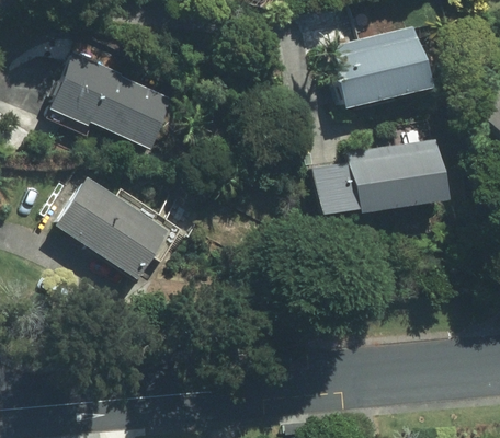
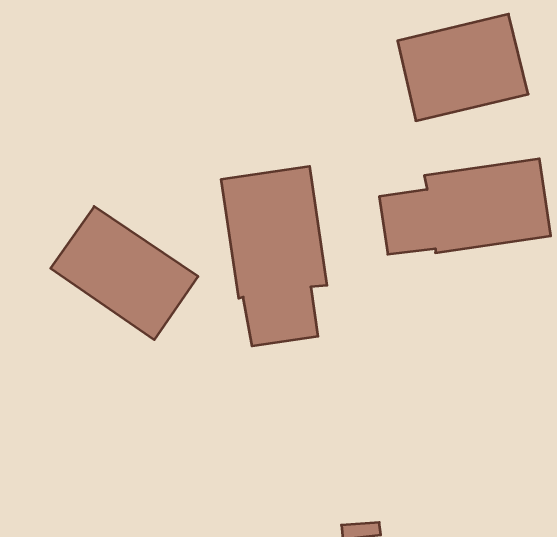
building: [50,50,174,148] -> none
building: none -> [221,166,327,346]

